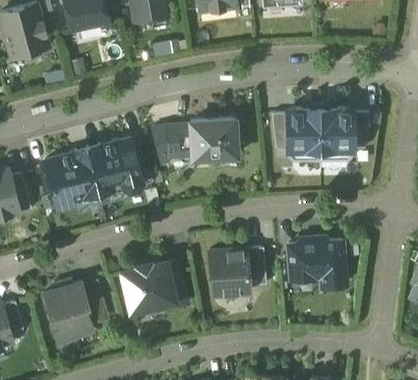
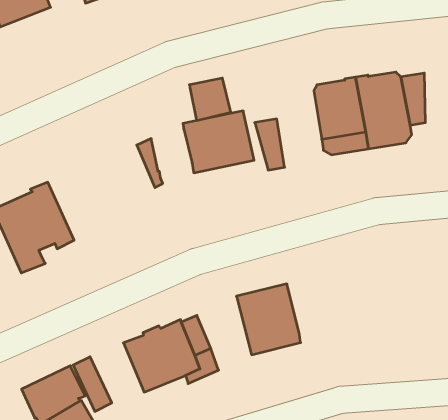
building: [272,113,288,149] -> [255,119,285,170]
building: [166,125,192,153] -> [189,78,231,120]
building: [86,139,142,193] -> none
building: [288,240,345,285] -> none
building: [246,248,266,285] -> none

